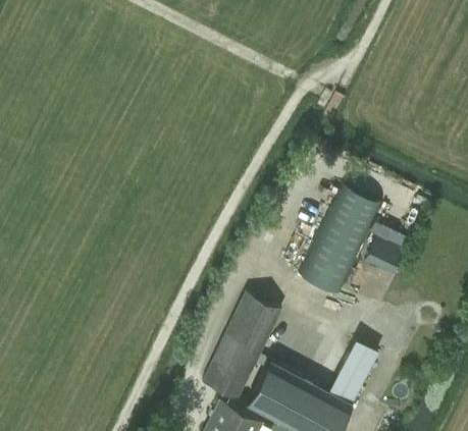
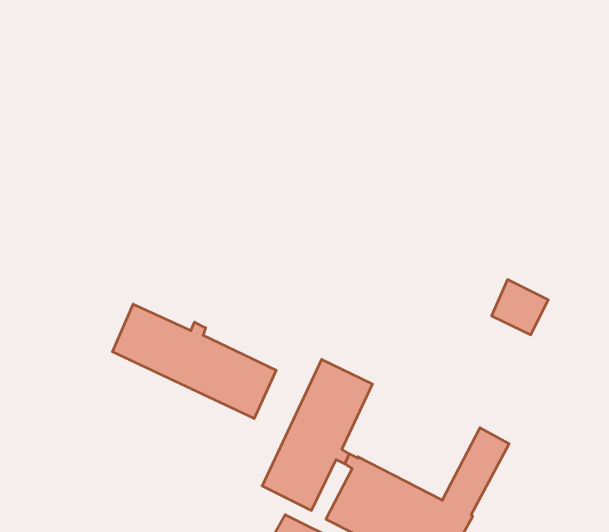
building: [297,185,380,297] -> none
building: none -> [112,304,276,419]

